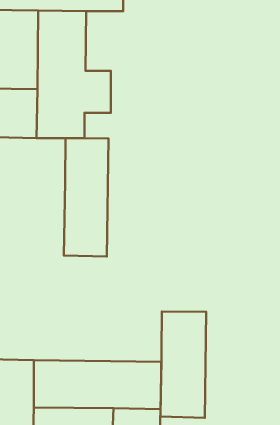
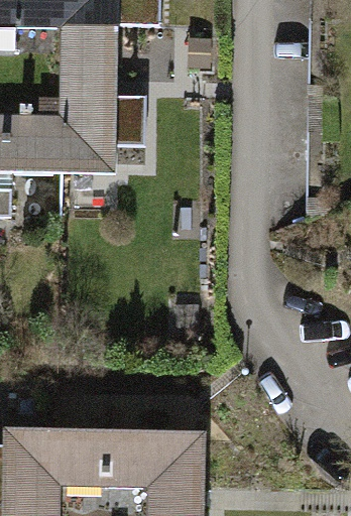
building: [64,138,108,257] -> none
building: [161,312,206,418] -> none

